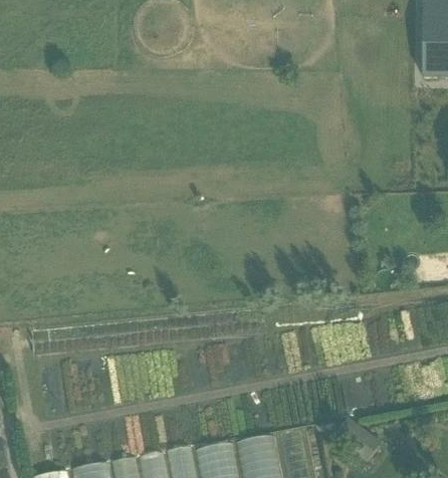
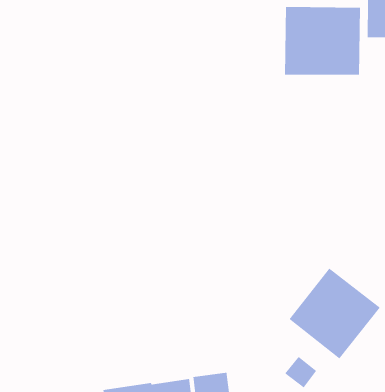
building: none -> [284,6,361,76]
building: none -> [288,268,381,360]

